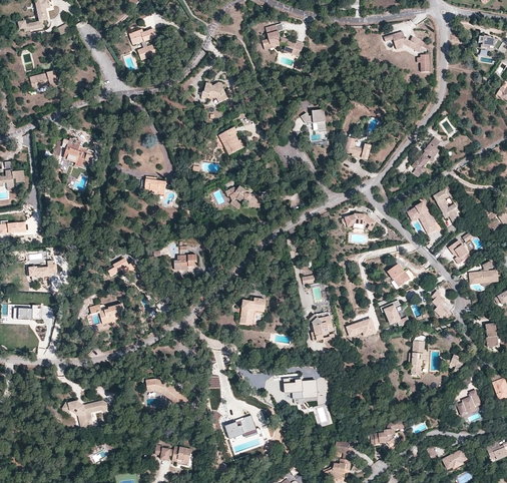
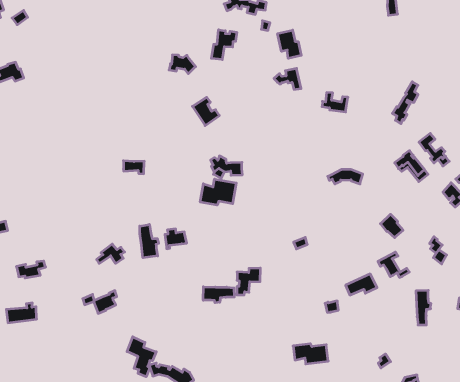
building: [129,28,156,57] -> none
building: none -> [211,30,237,60]
building: none -> [278,30,301,58]
building: [64,137,93,166] -> none
building: none -> [200,179,236,205]
building: none -> [140,224,159,258]
building: none -> [203,287,234,303]
building: [309,314,333,341] -> none
building: none -> [127,337,156,377]

